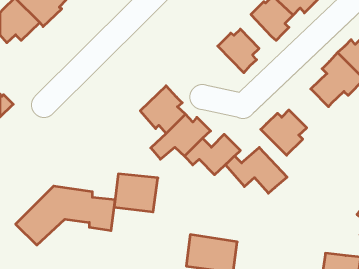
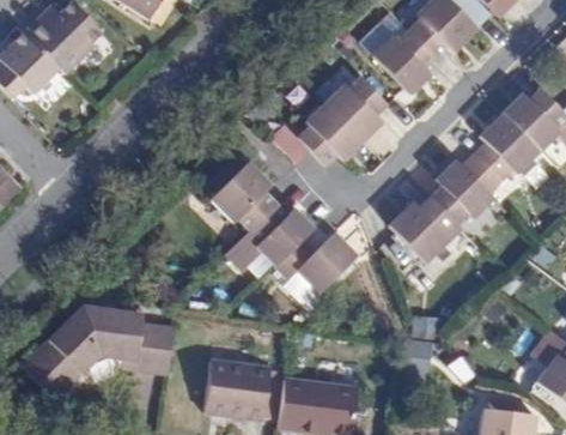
building: none -> [298,101,364,159]
building: none -> [431,158,493,222]
building: [225,147,287,193] -> none
building: [114,174,158,212] -> [205,362,269,418]

